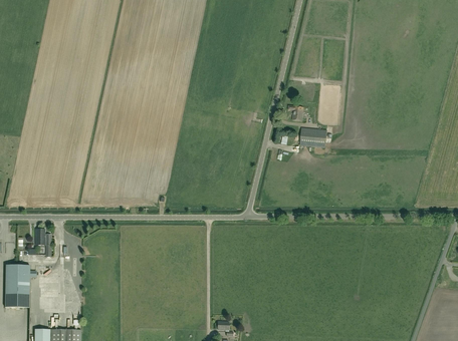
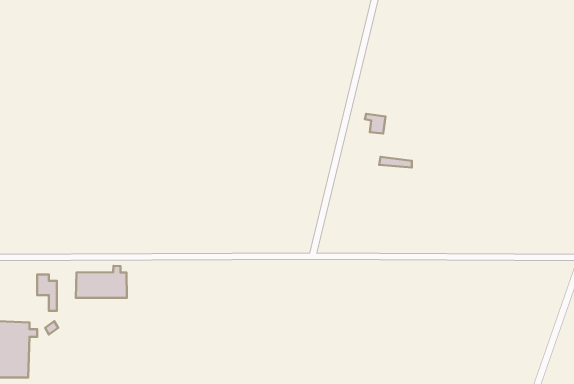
building: none -> [76,266,127,298]

